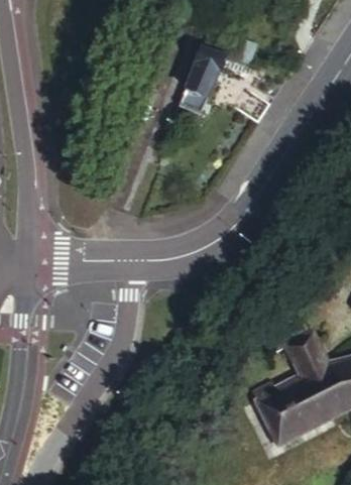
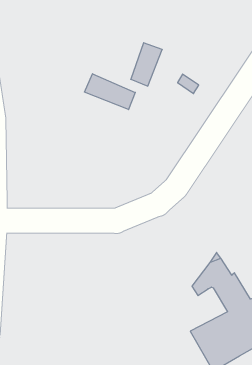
building: none -> [85,74,135,110]

